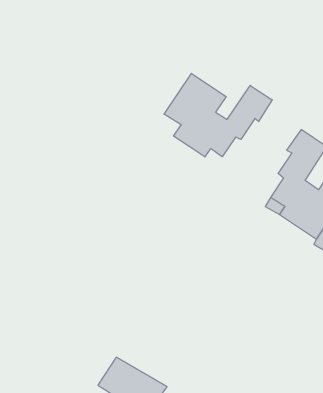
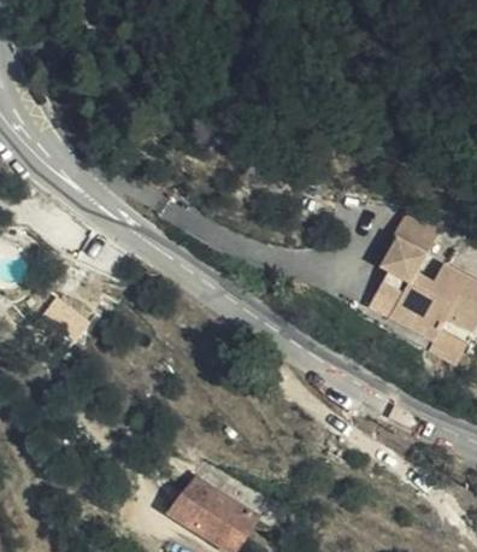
building: [164,73,272,157] -> none

